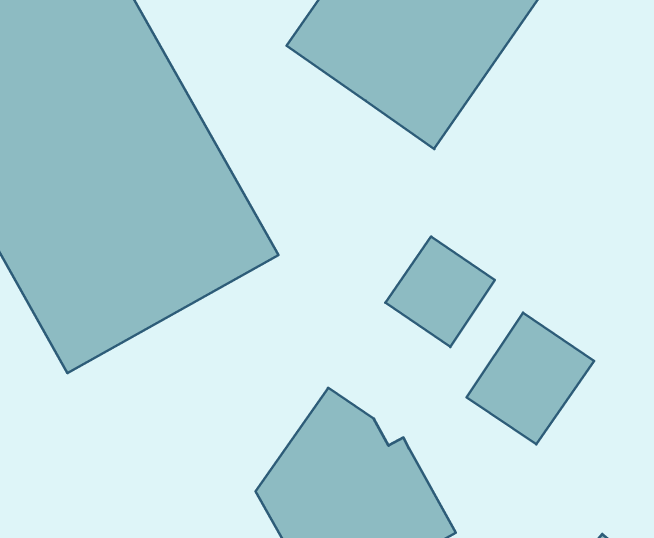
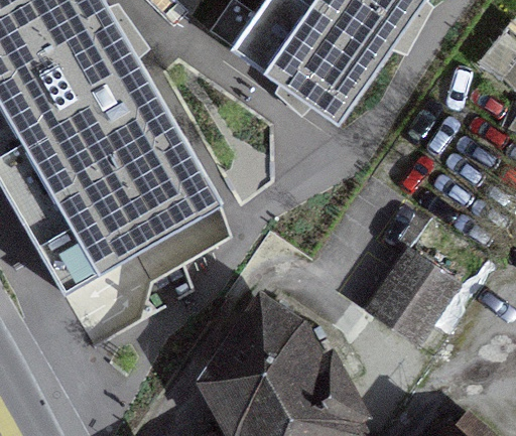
building: [385,237,495,347] -> none

